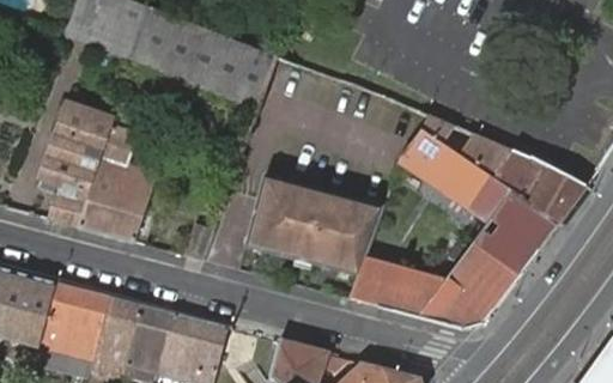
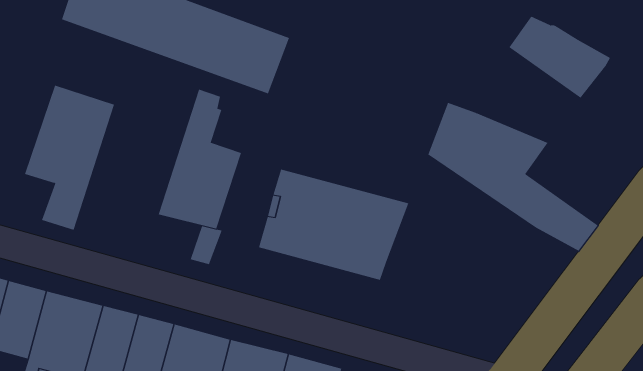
building: [80,114,157,242] -> [158,89,242,229]
building: [492,148,585,224] -> [508,16,611,98]
building: [350,226,540,329] -> none

